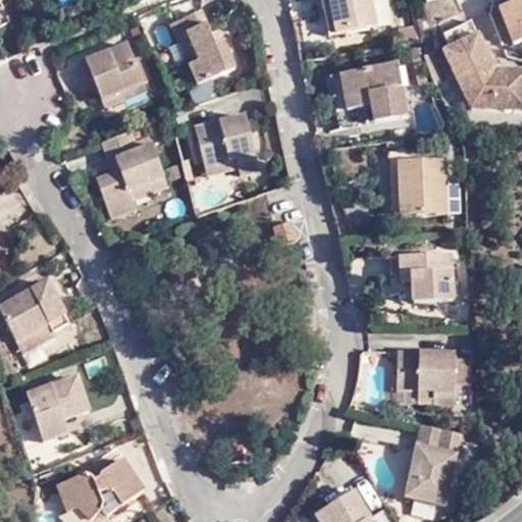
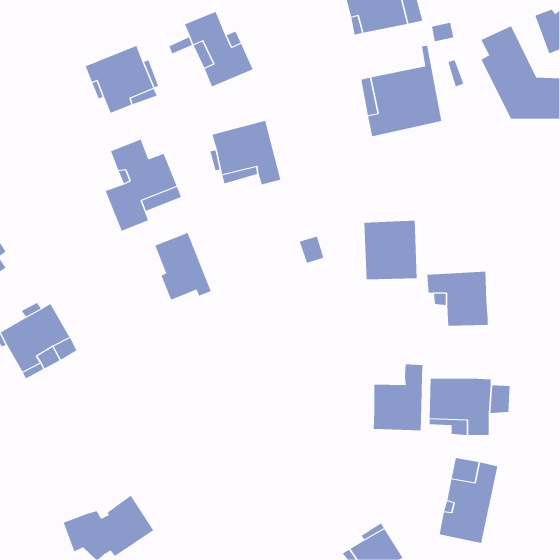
building: [399,157,449,212] -> [364,220,418,280]
building: none -> [154,232,211,301]
building: none -> [373,364,423,431]
building: [28,376,90,439] -> none

